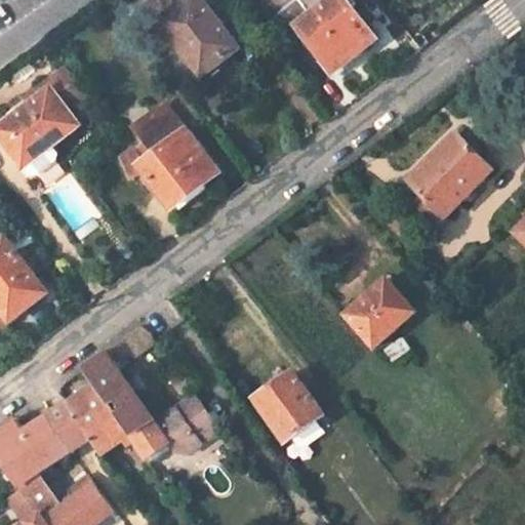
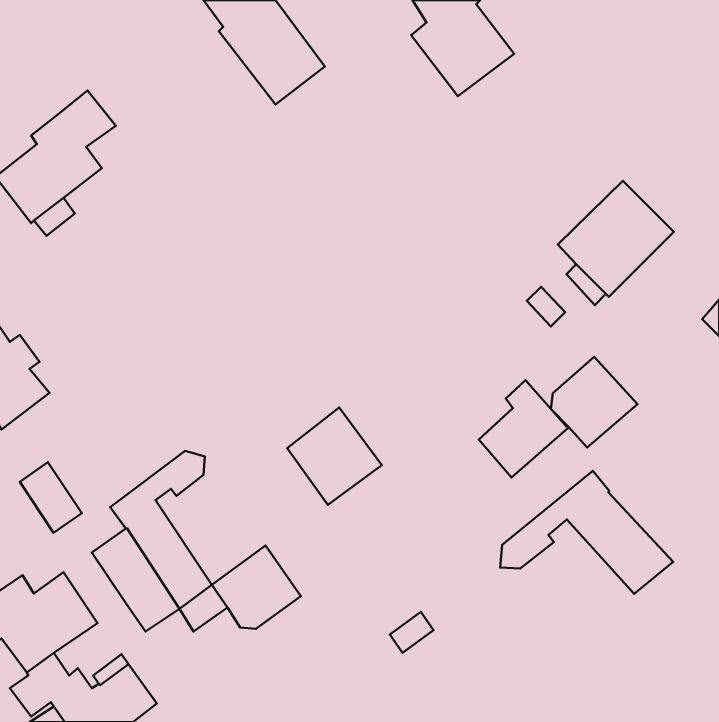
building: [119,108,214,207] -> none
building: none -> [551,357,637,447]
building: none -> [500,471,673,594]
building: [252,370,321,441] -> [287,407,382,505]
building: [46,401,91,452] -> [20,462,82,533]

